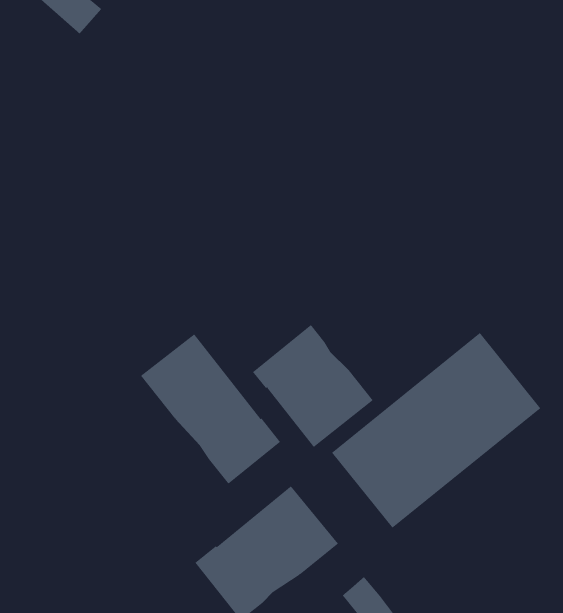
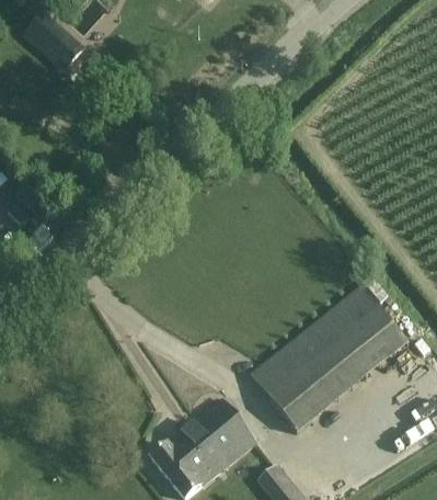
building: [252,324,374,448] -> none
building: [140,333,281,484] -> none

